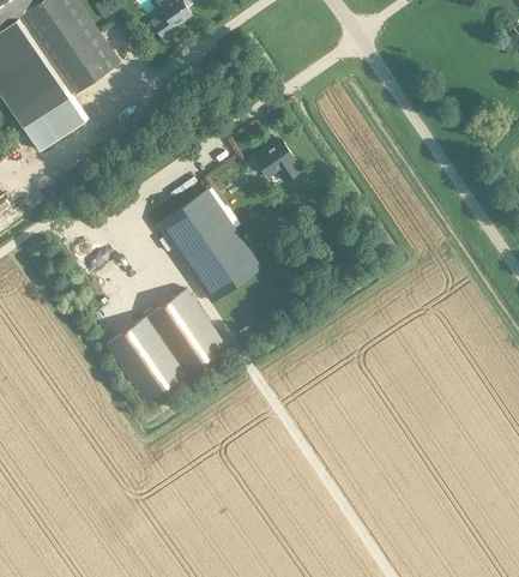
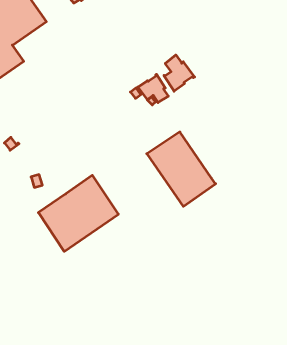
building: none -> [164,55,195,91]
building: [158,191,260,301] -> [147,132,216,206]

